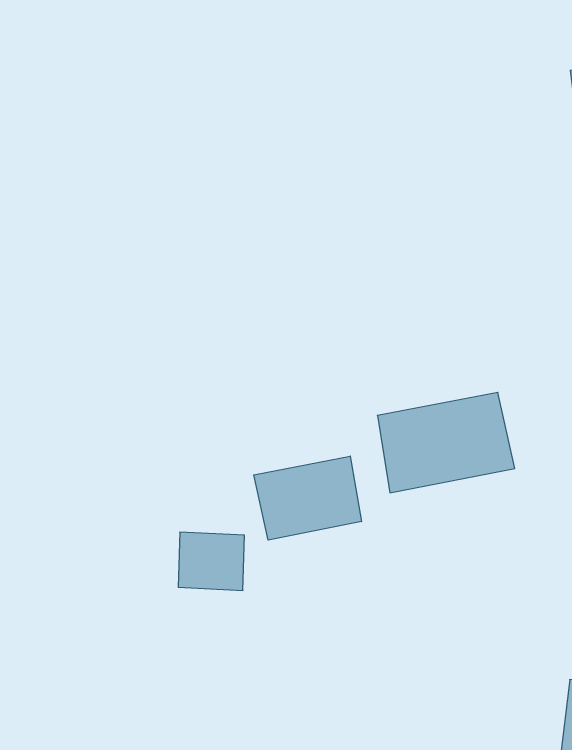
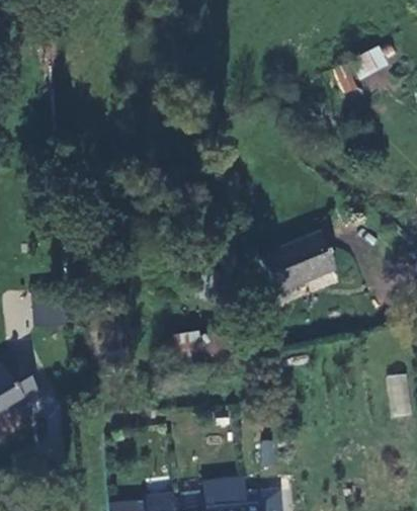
building: [254,456,361,540] -> none

